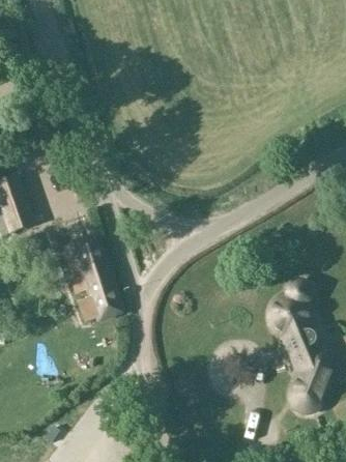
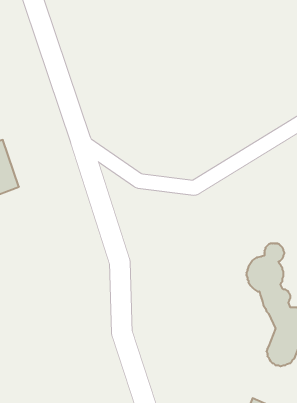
building: [61,235,122,321] -> none

